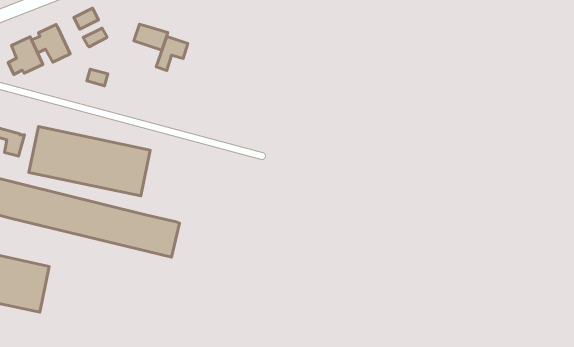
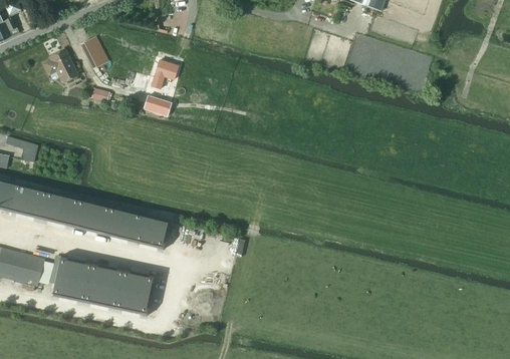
building: [134,24,168,50] -> [143,94,172,116]
building: [8,37,43,74] -> none
building: [29,127,150,196] -> [51,256,155,315]

